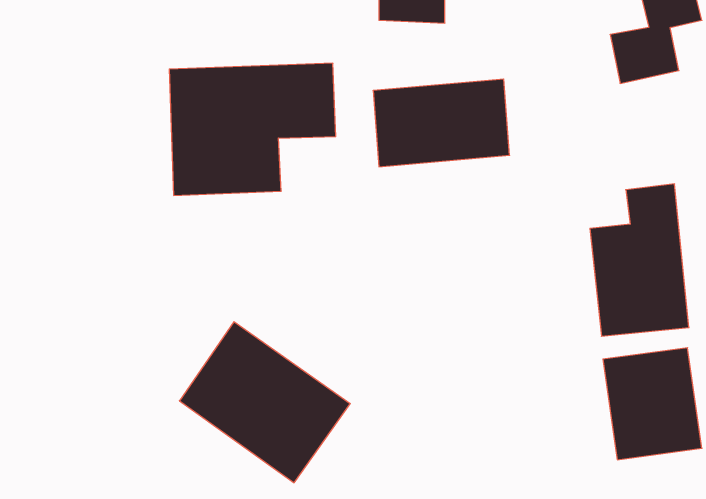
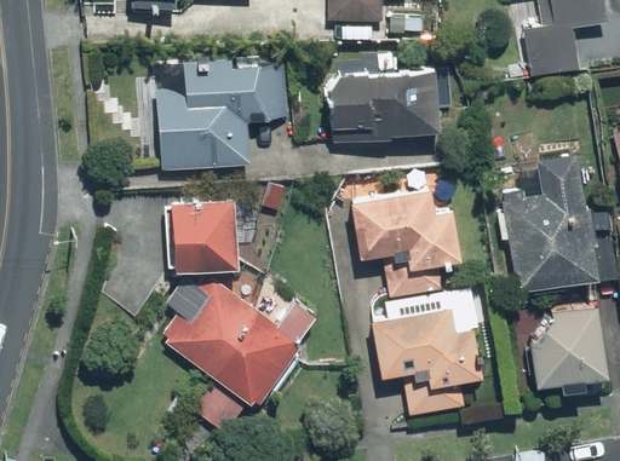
building: none -> [355,192,457,299]
building: none -> [166,198,237,273]
building: none -> [373,311,478,415]

